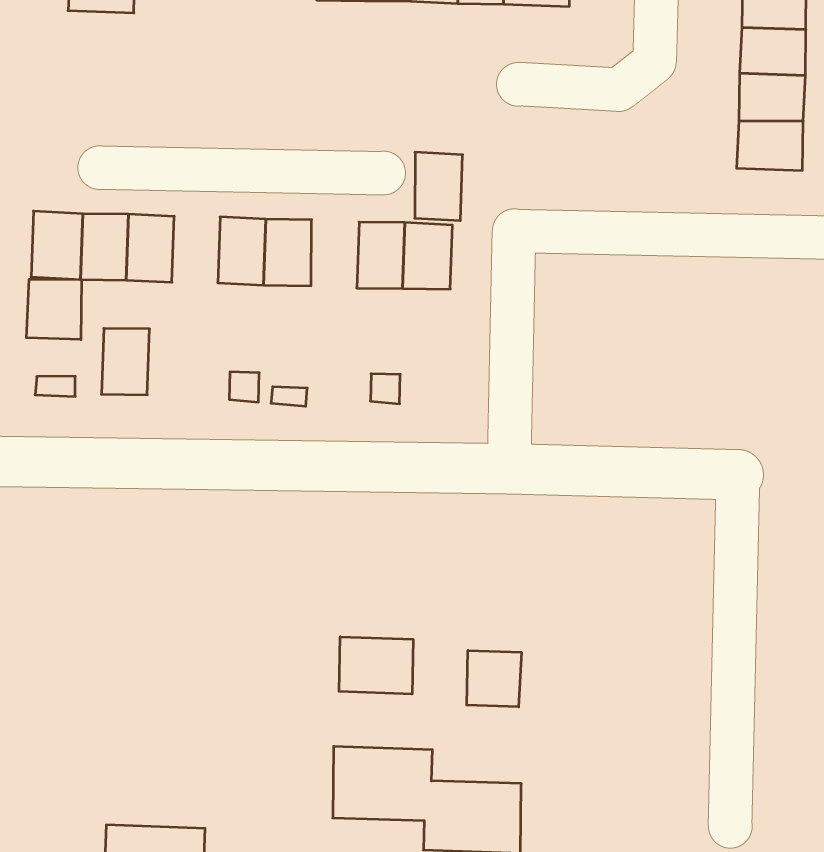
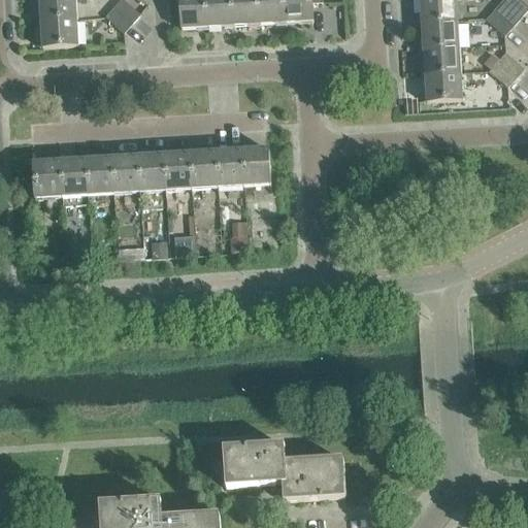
building: [415,152,463,221] -> [189,148,218,187]
building: [26,279,82,340] -> none
building: [101,328,150,395] -> [111,153,139,192]
building: [339,637,413,694] -> none
building: [467,650,521,707] -> none

